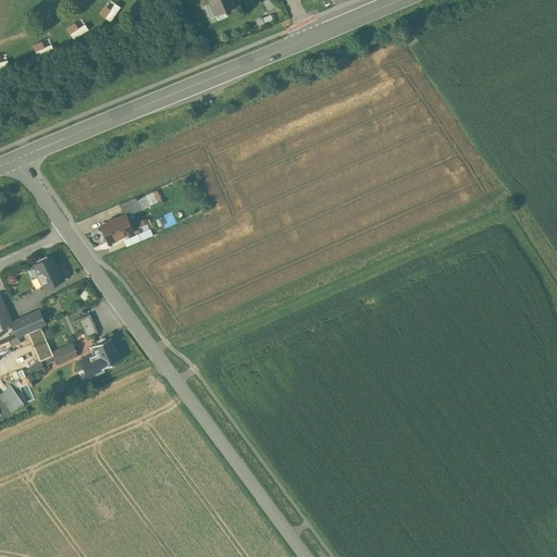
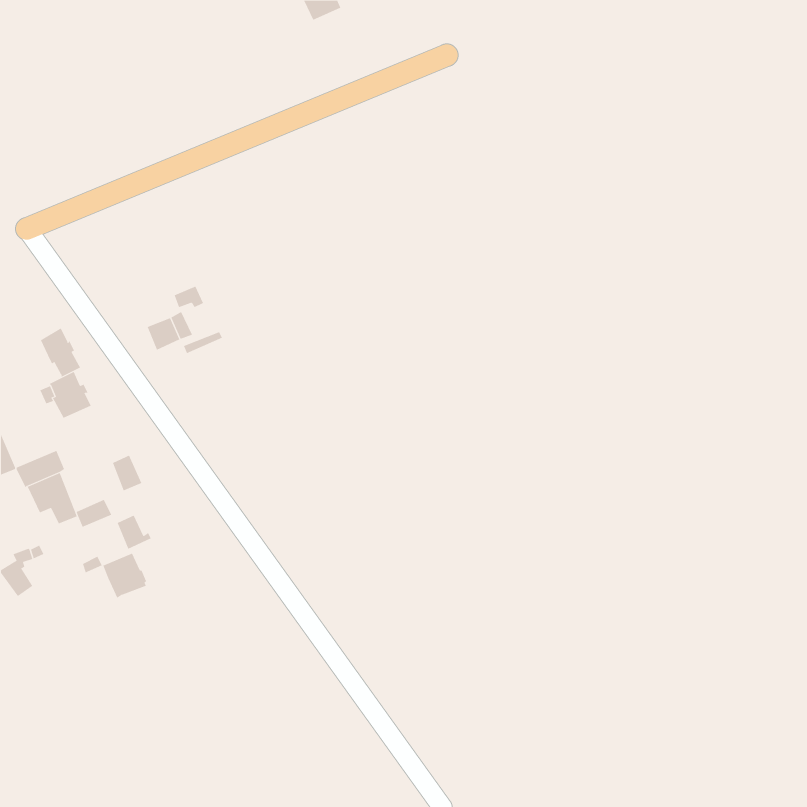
building: none -> [40,328,81,377]
building: [89,337,120,369] -> [103,553,147,599]

